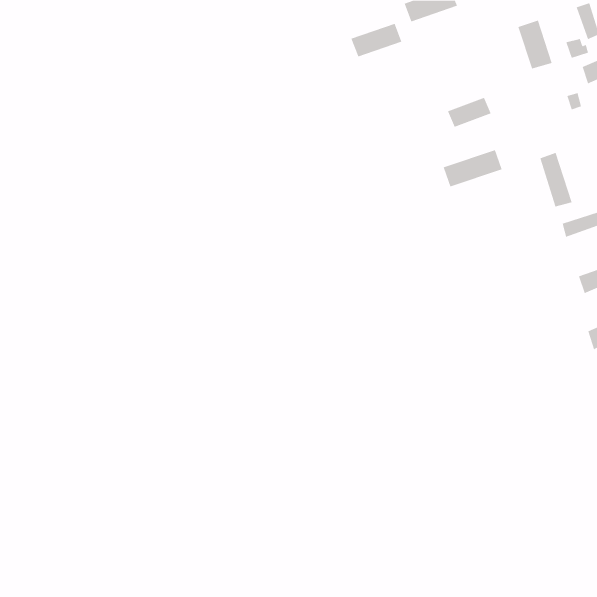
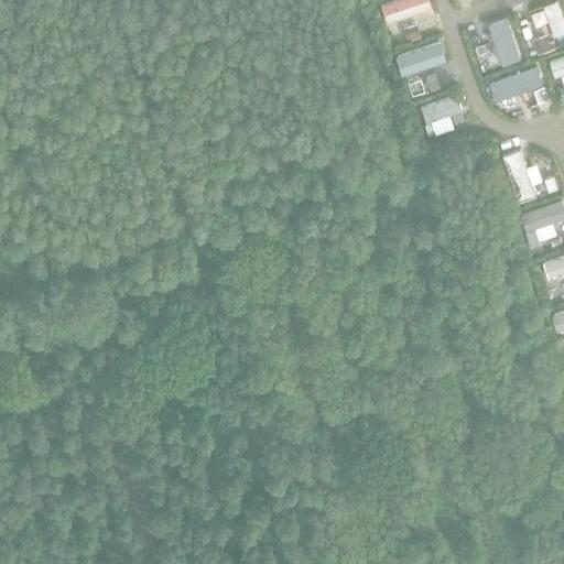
building: [351,23,402,57] -> [399,41,447,73]
building: [443,150,502,187] -> [487,67,543,102]

